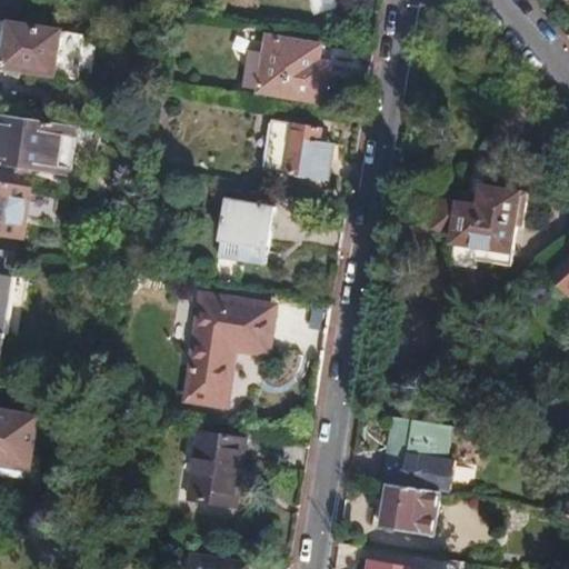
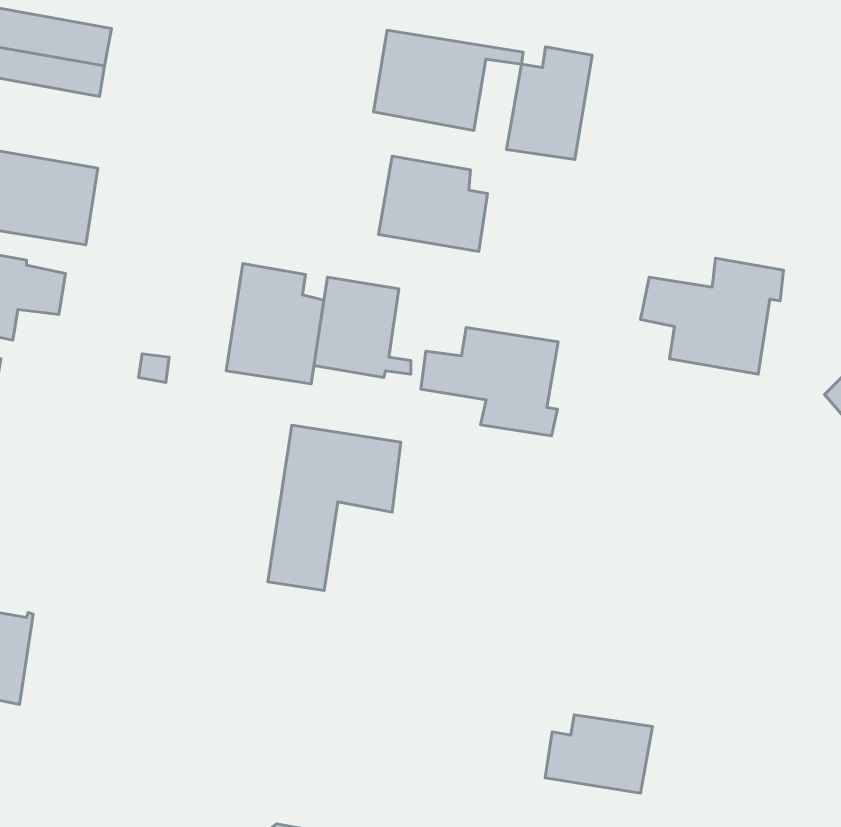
building: none -> [507,47,592,160]
building: none -> [226,263,324,384]
building: none -> [421,328,558,436]
building: [378,413,452,492] -> none
building: [192,432,249,507] -> none

